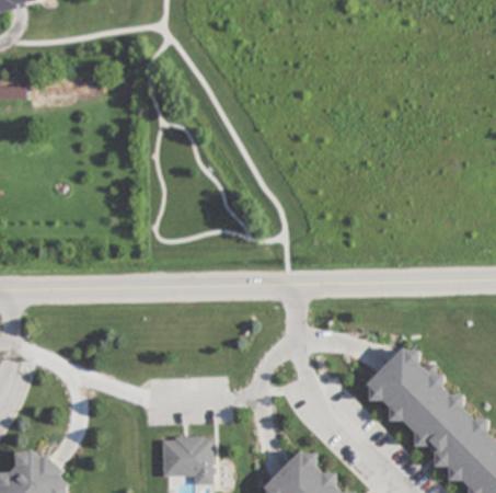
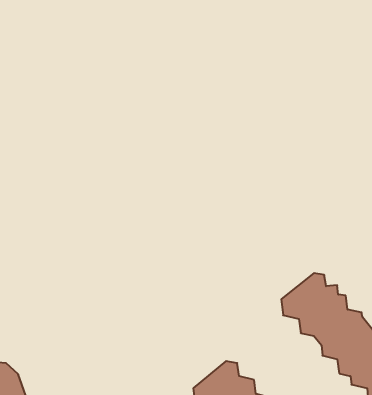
building: [161,436,210,485] -> none

